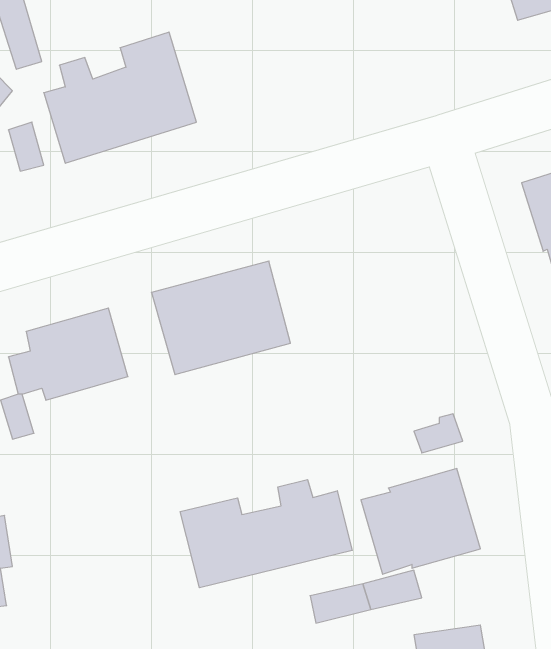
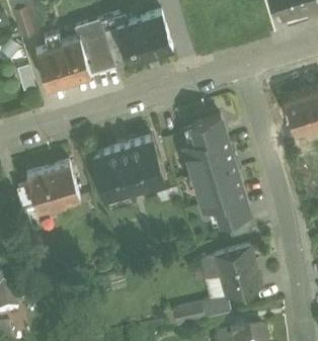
building: none -> [100,11,172,66]
building: none -> [184,115,248,219]
building: [180,480,352,588] -> none

